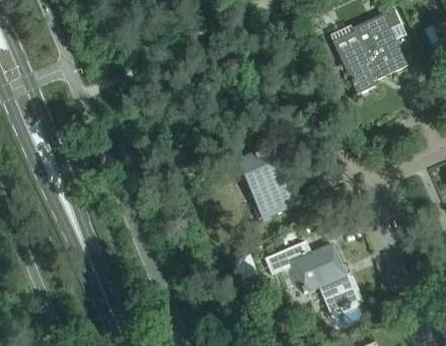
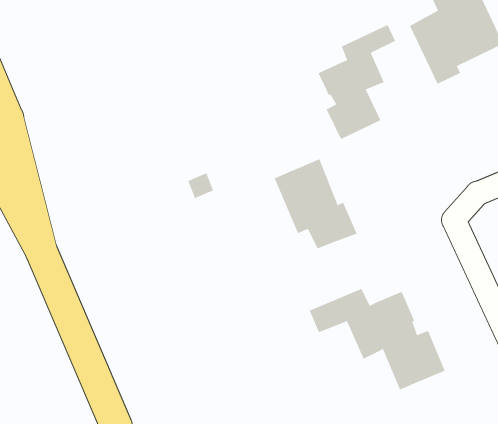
building: none -> [318,24,396,140]

